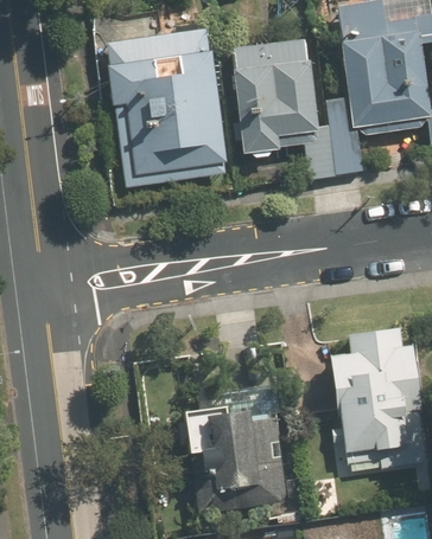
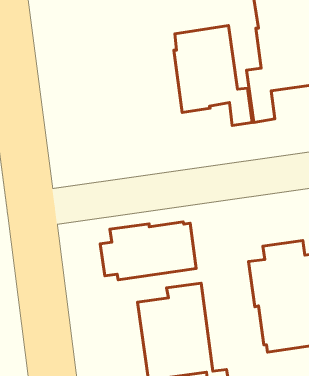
building: [108,30,227,188] -> none
building: none -> [100,222,196,280]

